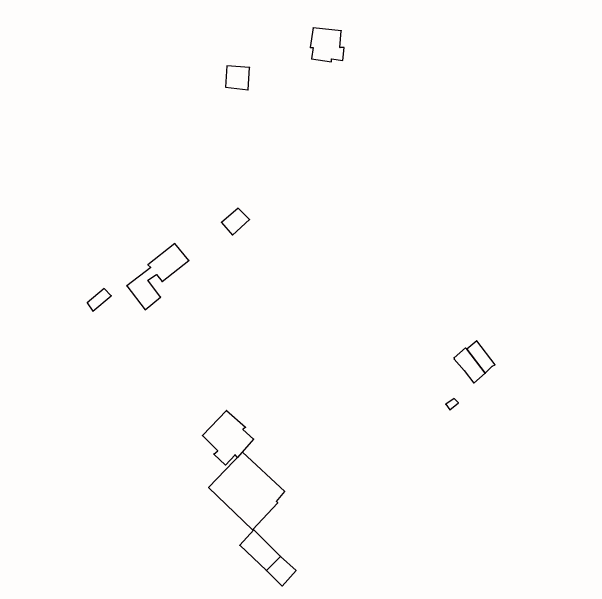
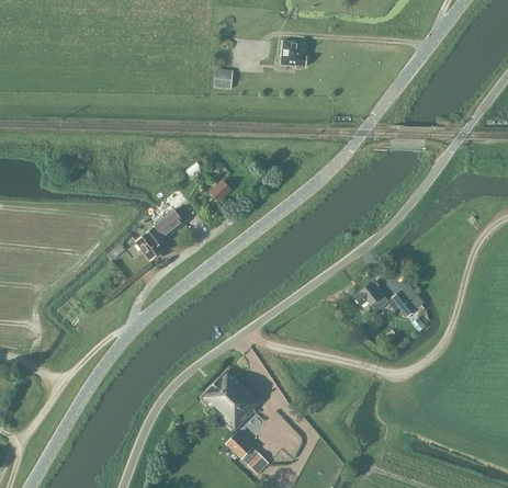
building: none -> [354,281,387,309]
building: [202,410,254,465] -> none

